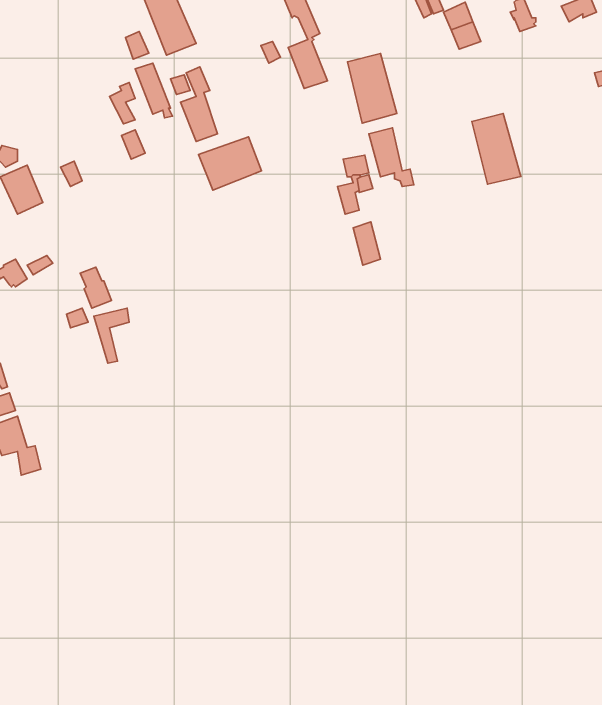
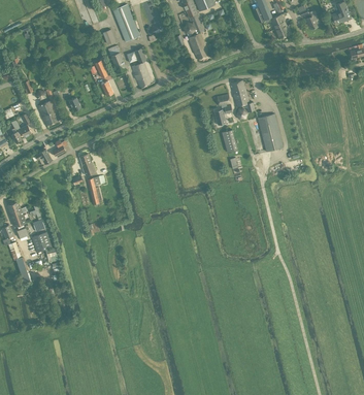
building: [348,54,397,123] -> none
building: [472,114,521,184] -> [257,113,283,151]
building: [199,137,261,190] -> none

